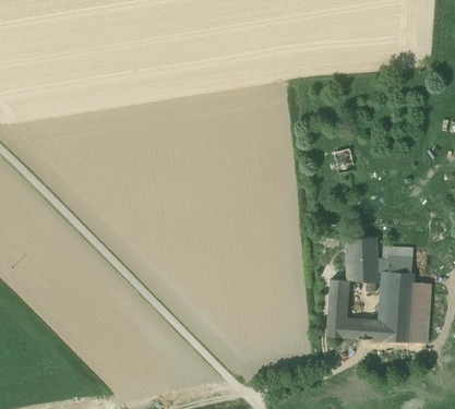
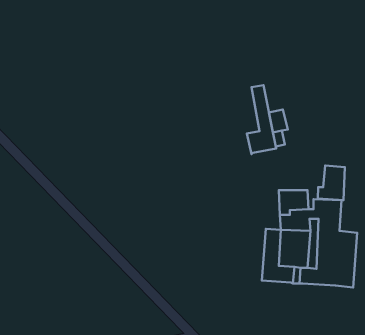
building: none -> [247,85,276,154]
building: none -> [318,166,345,200]

